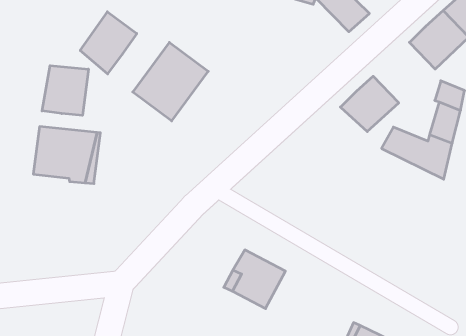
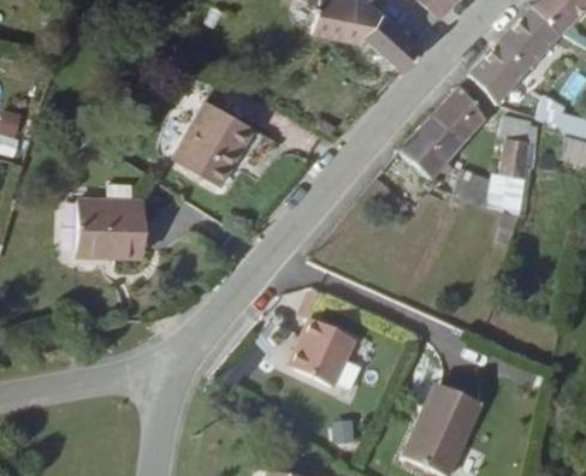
building: [80,12,137,74] -> none
building: none -> [432,88,485,144]
building: [42,66,88,115] -> none

